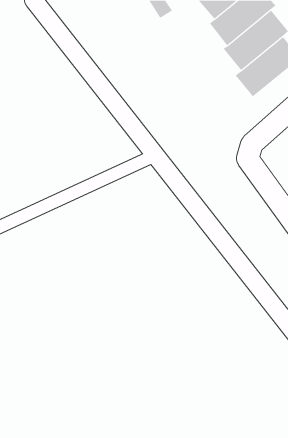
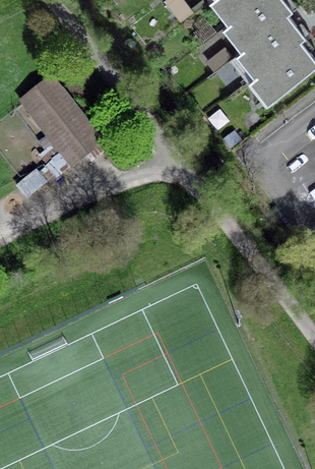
building: none -> [15,83,92,167]

